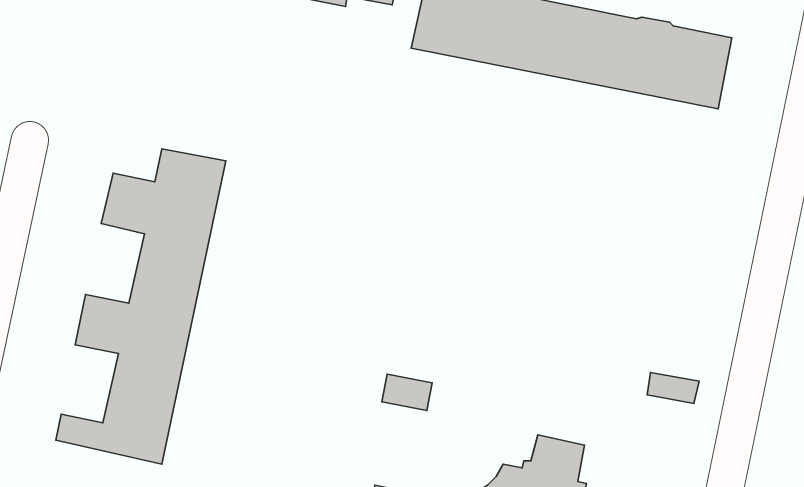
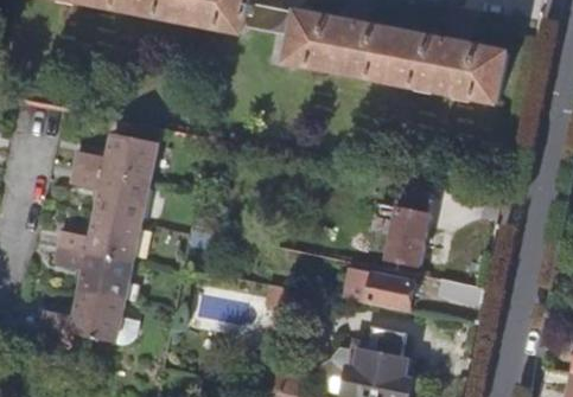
building: none -> [386,193,429,265]
building: none -> [363,271,413,309]

